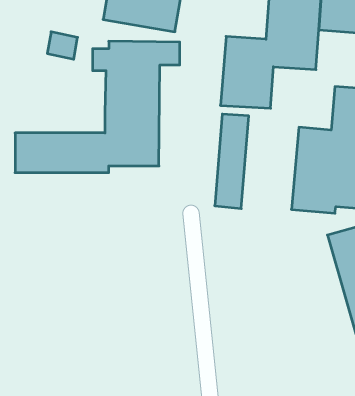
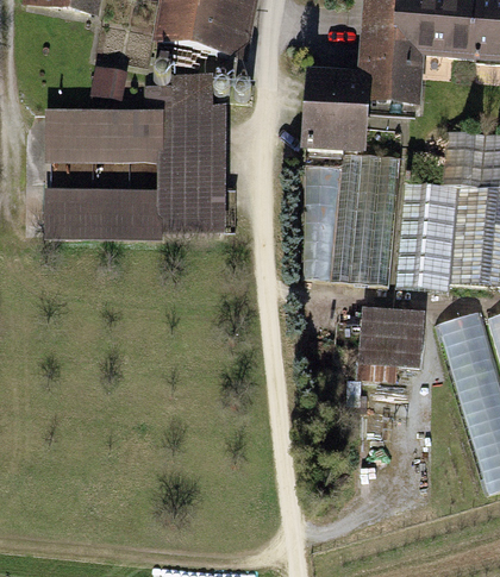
building: none -> [44,108,158,162]
building: none -> [329,158,399,288]
building: none -> [356,305,423,384]

